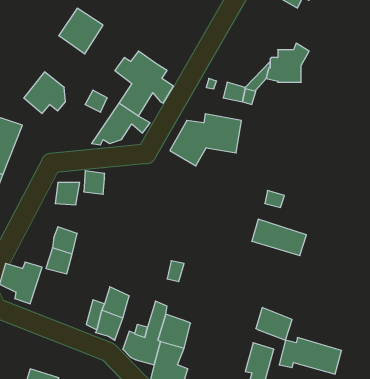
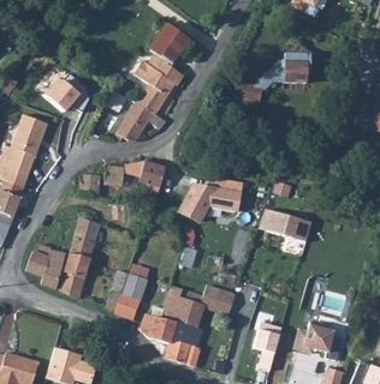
building: [59,8,103,54] -> [148,24,189,66]
building: [170,114,241,166] -> [177,178,243,226]
building: none -> [124,161,165,196]
building: none -> [60,254,89,298]
building: [256,308,292,340] -> [201,284,234,314]

